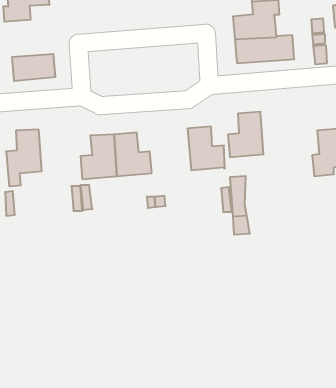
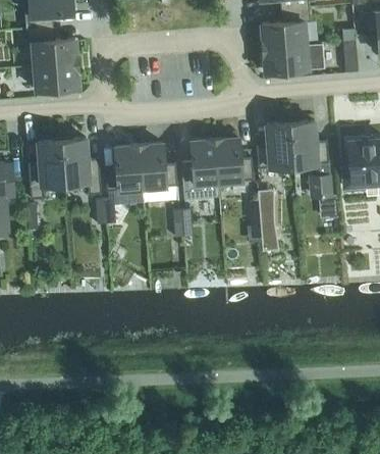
building: none -> [25,28,76,66]
building: none -> [289,120,336,217]
building: none -> [61,139,101,195]
building: none -> [180,140,219,200]

